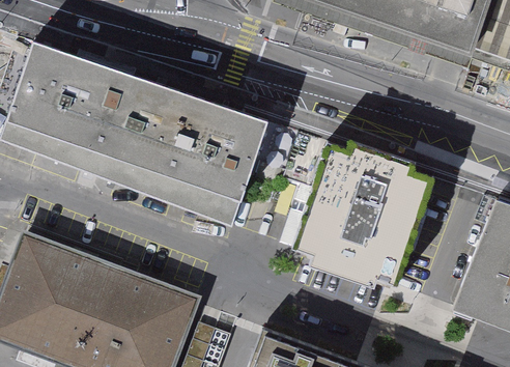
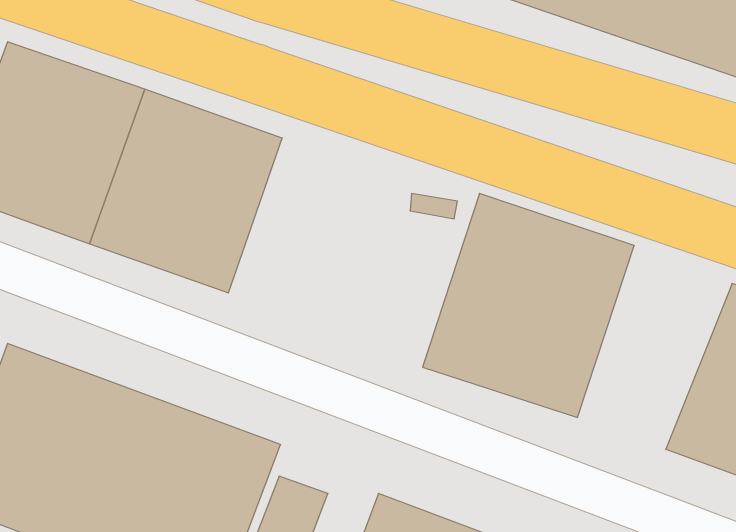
building: [167,101,270,225] -> none

